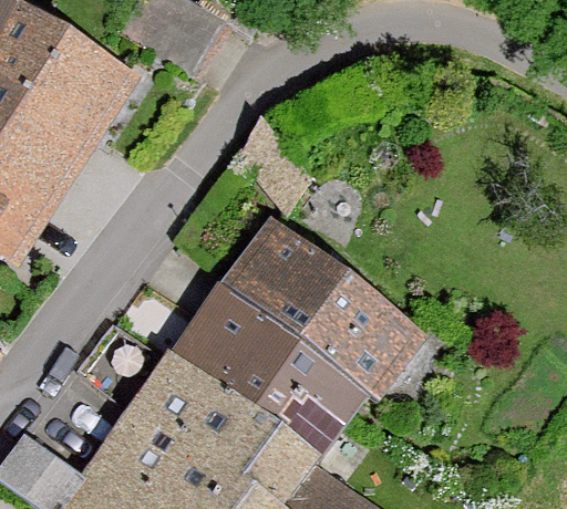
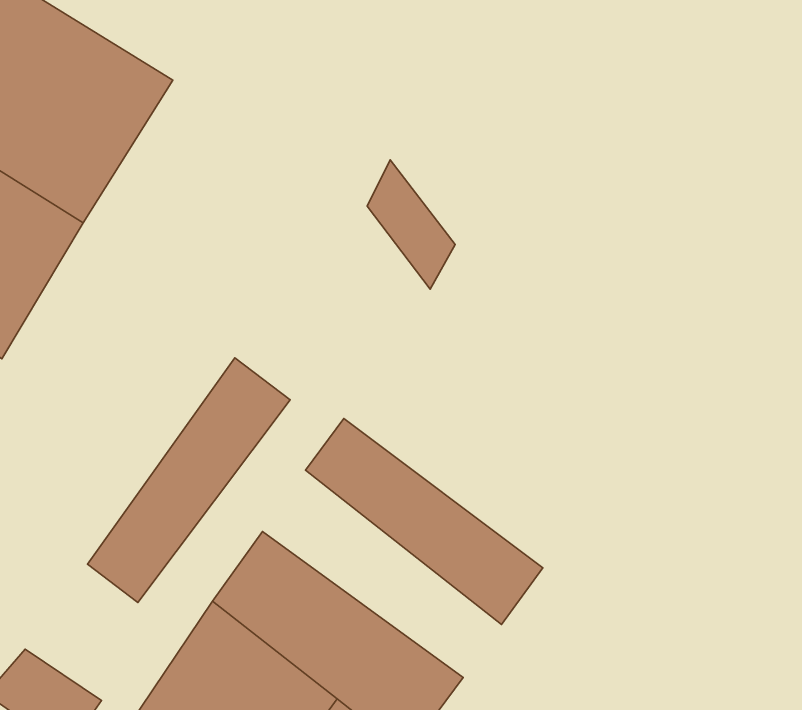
building: [236,230,414,389] -> none
building: none -> [87,358,290,603]
building: [182,324,341,463] -> none

